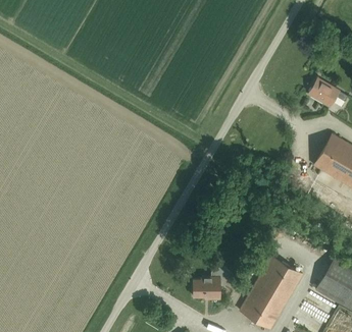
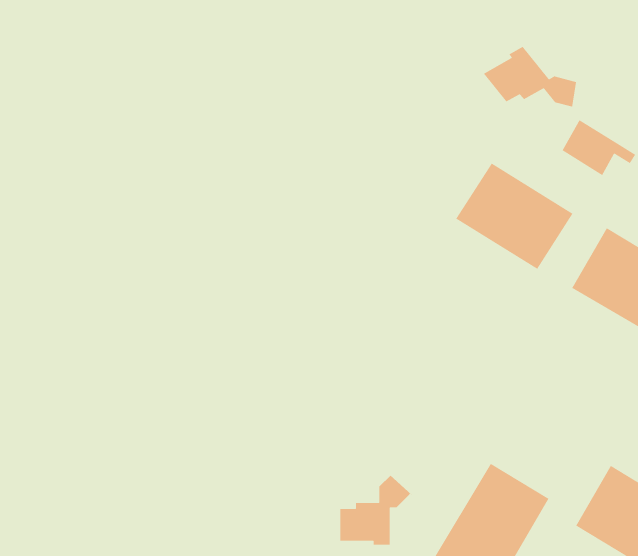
building: none -> [483,46,577,108]
building: none -> [455,163,574,270]

